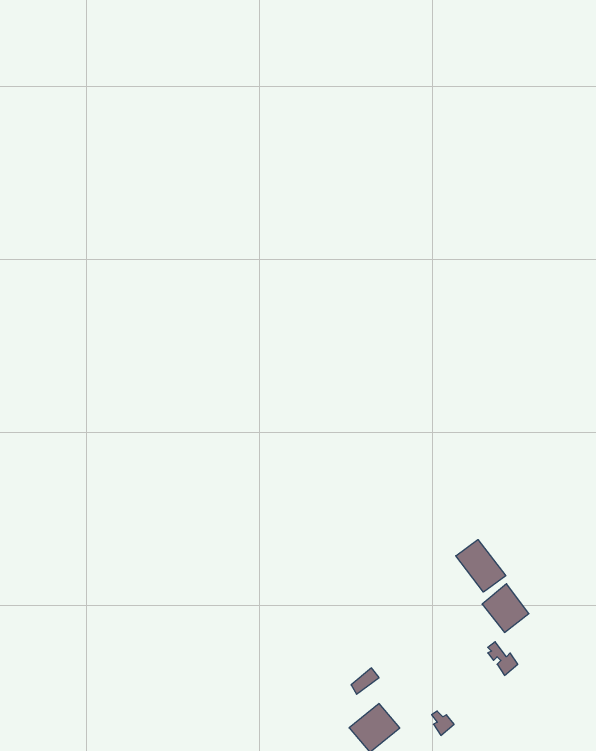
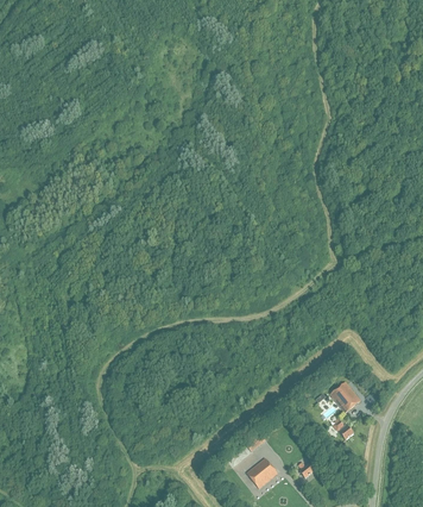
building: [456,540,506,592] -> none

